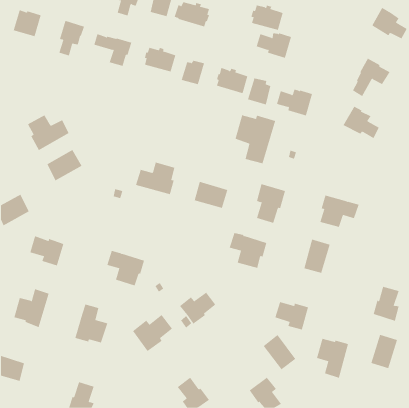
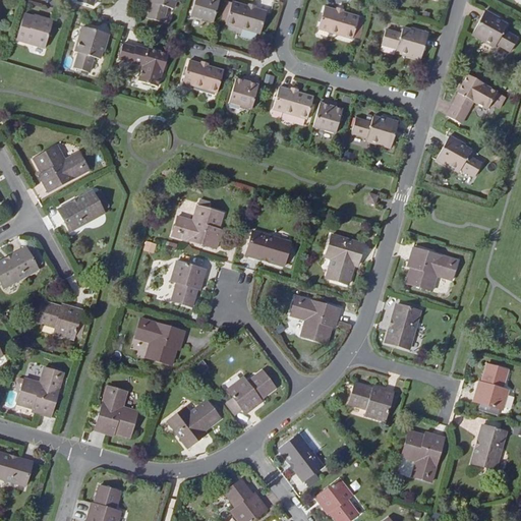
building: [256,33,292,58] -> [382,25,427,58]
building: [235,115,276,164] -> none
building: none -> [171,260,206,305]
building: [263,334,296,370] -> [280,433,323,479]

